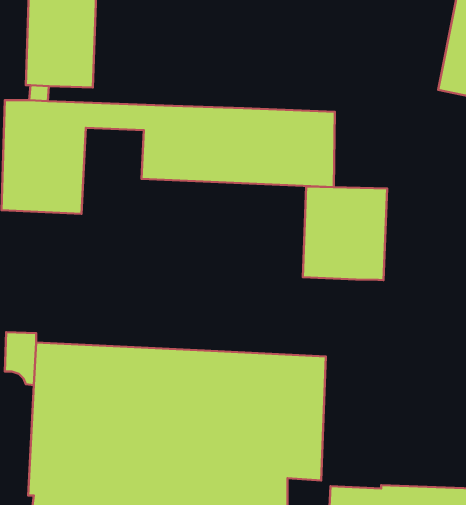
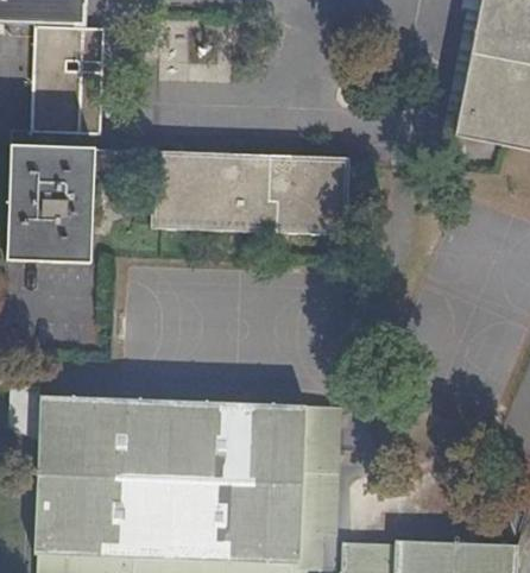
building: [303,186,387,280] -> none

